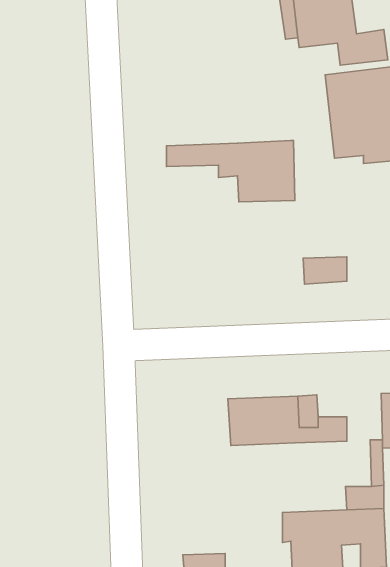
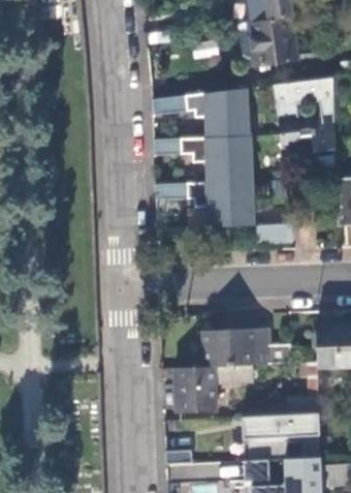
building: none -> [153,88,248,137]
building: none -> [155,181,253,226]
building: none -> [174,364,251,411]

